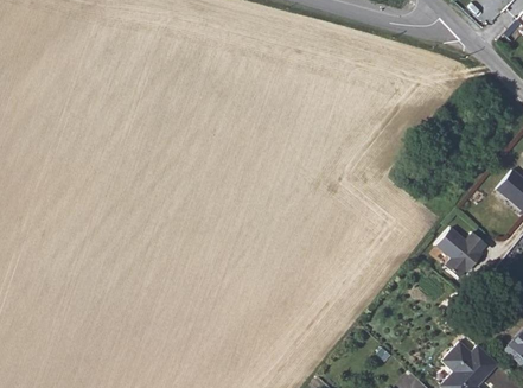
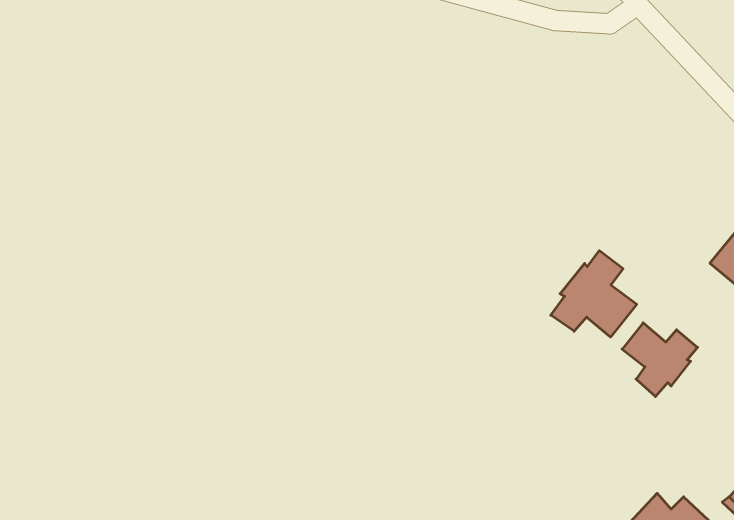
building: none -> [551,251,637,337]

